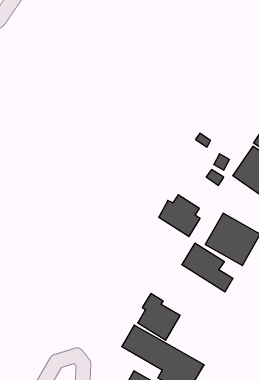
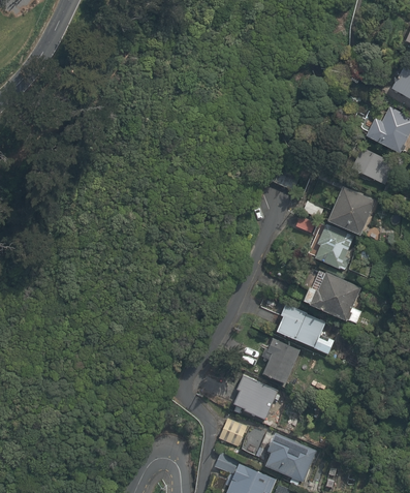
building: [159,195,200,236] -> [306,226,354,274]
building: none -> [260,339,299,386]

